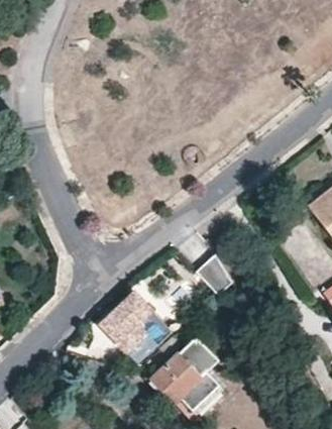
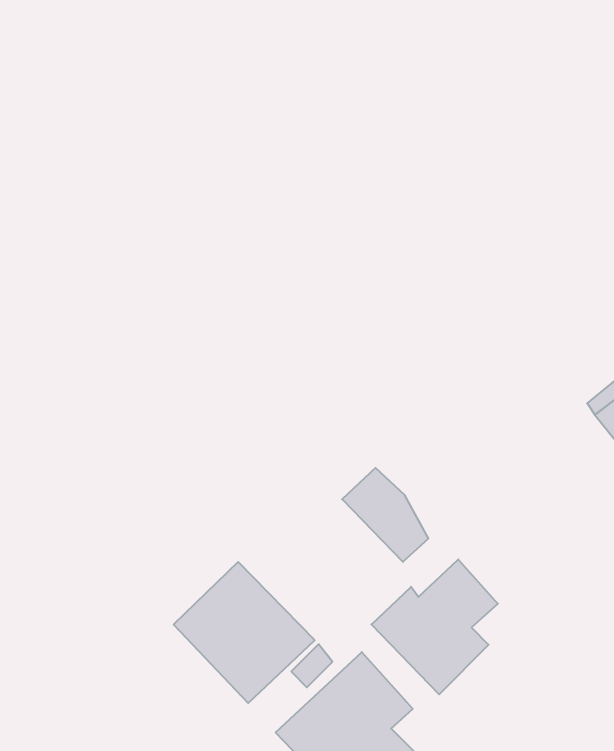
building: none -> [371,559,498,694]

